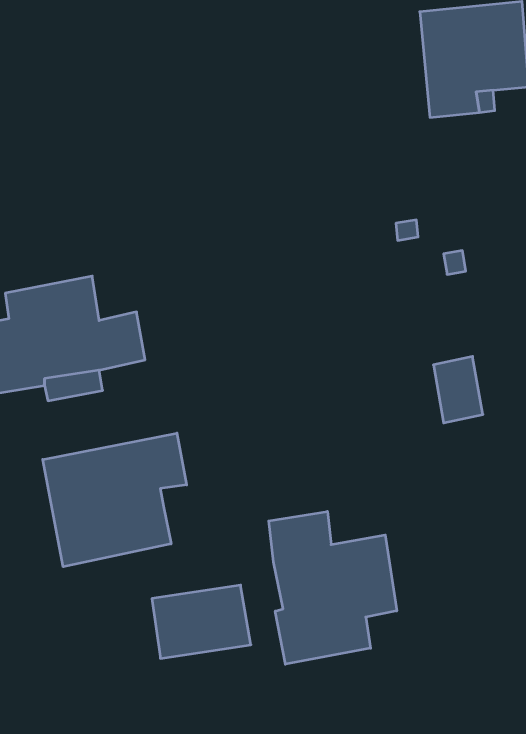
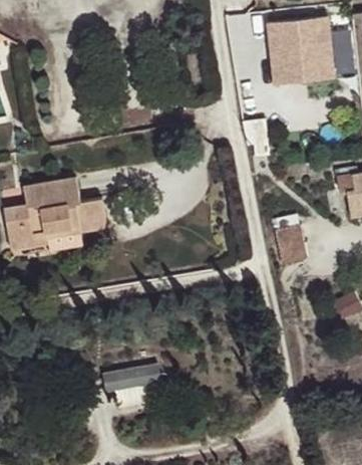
building: [43,433,187,567] -> none
building: [269,511,397,664] -> none

